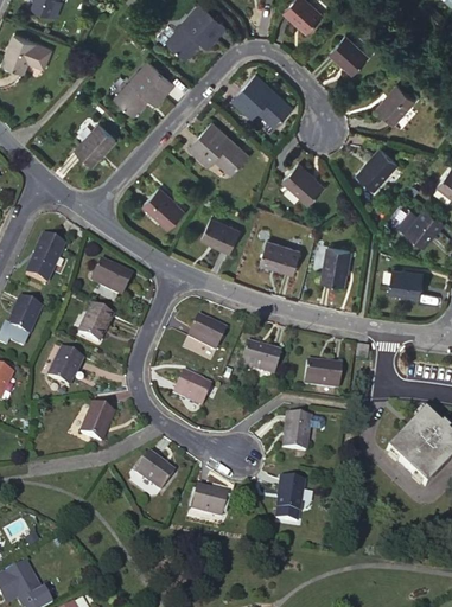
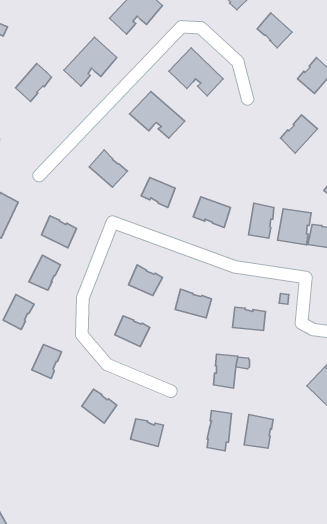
building: [76,122,116,165] -> [16,63,52,102]
building: [284,161,326,204] -> none
building: none -> [278,209,311,245]
building: none -> [244,414,273,448]

